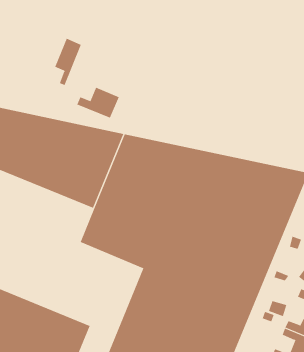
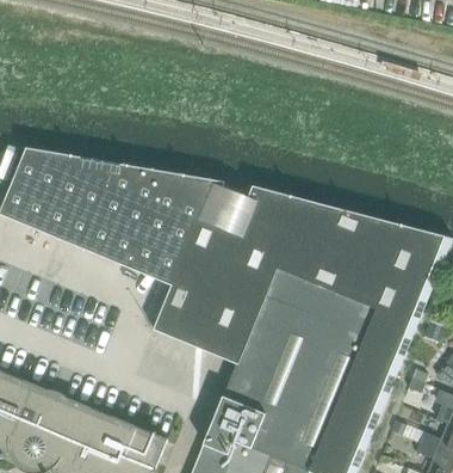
building: [54,38,82,86] -> none
building: [77,87,119,119] -> none

